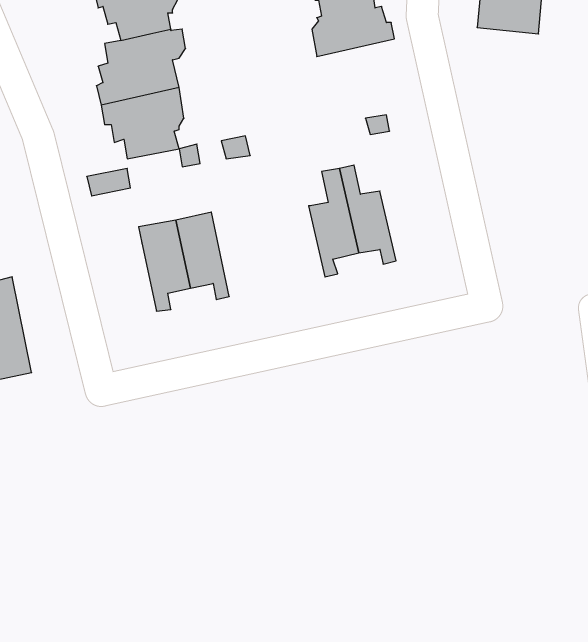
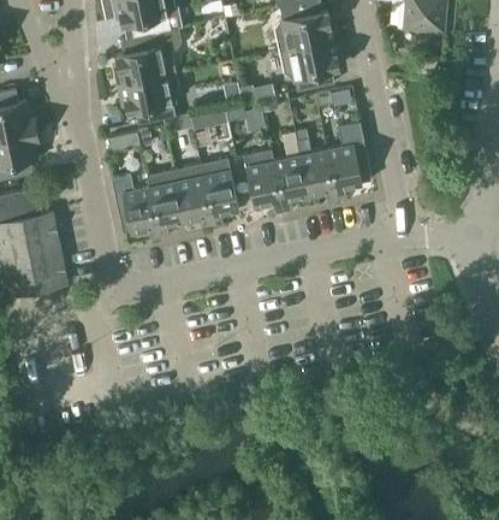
building: none -> [278,34,340,89]
building: none -> [325,120,372,199]
building: none -> [243,148,284,213]
building: none -> [200,156,238,225]
building: none -> [111,173,159,238]

